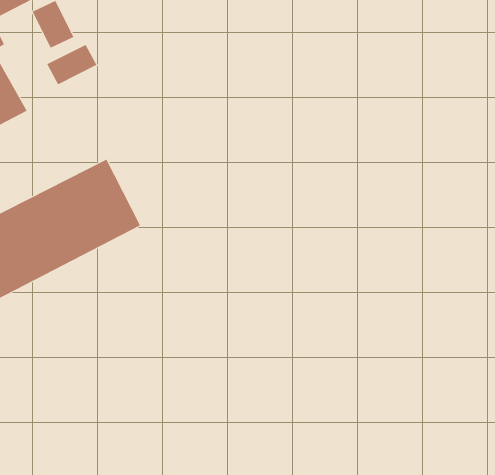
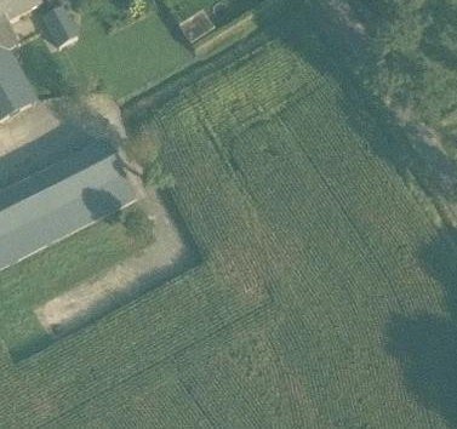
building: [46,44,97,85] -> none

